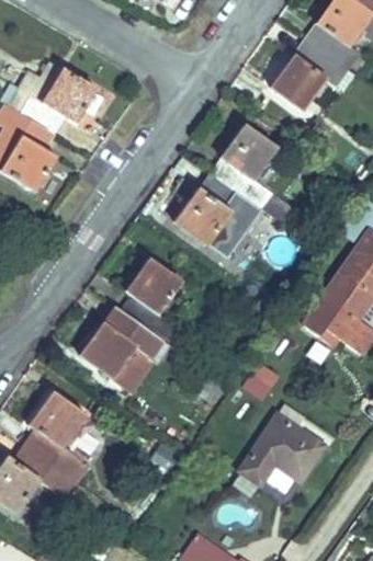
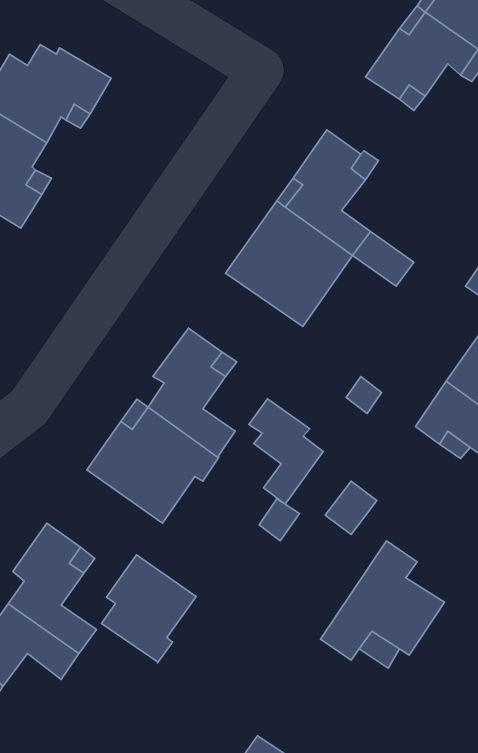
building: none -> [249,399,323,504]
building: none -> [102,555,196,663]

